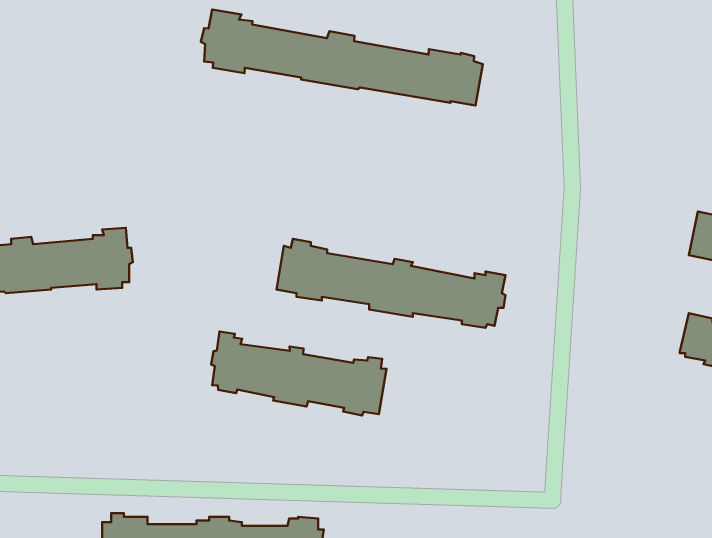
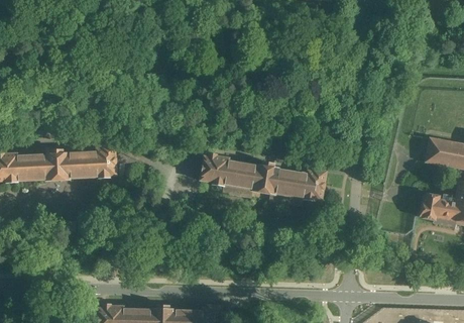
building: [201,10,483,106] -> none
building: [211,331,387,416] -> none

